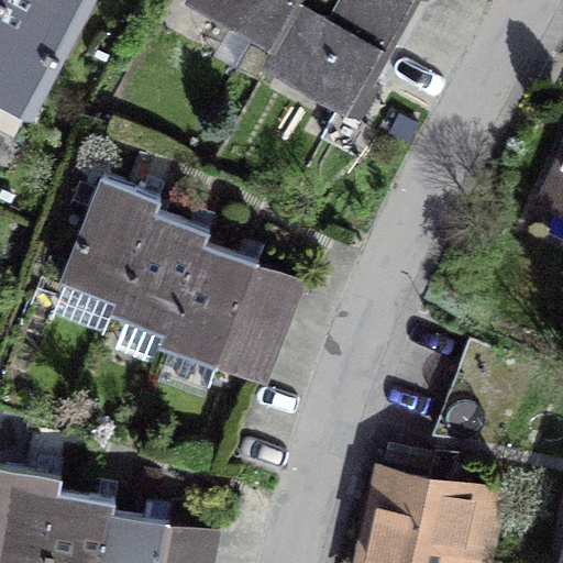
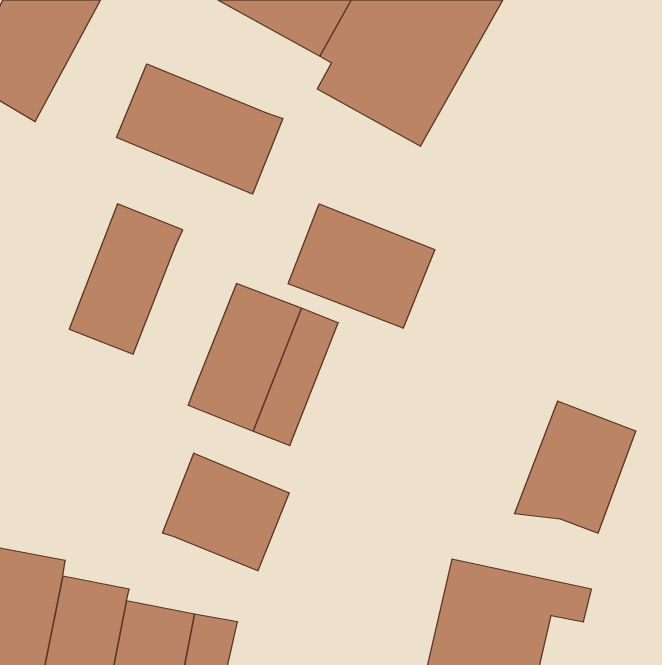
building: none -> [117,64,283,194]
building: none -> [288,204,435,328]
building: [108,208,203,332] -> none
building: none -> [162,453,289,571]

